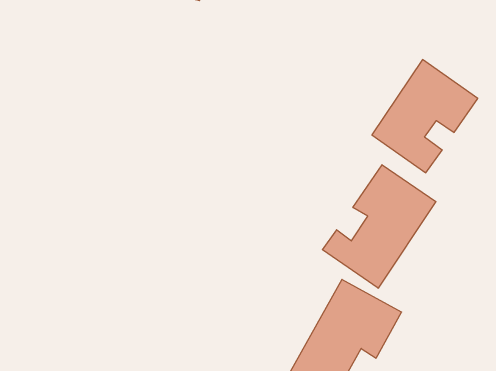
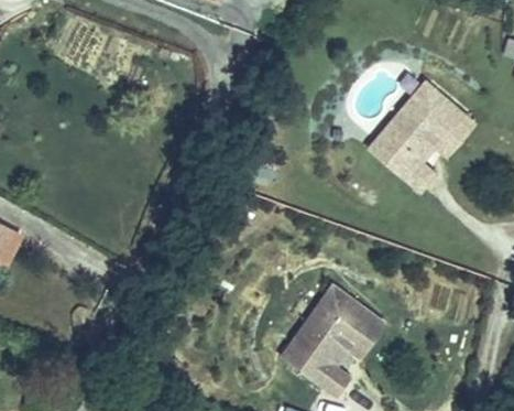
building: [322,165,436,288] -> none

